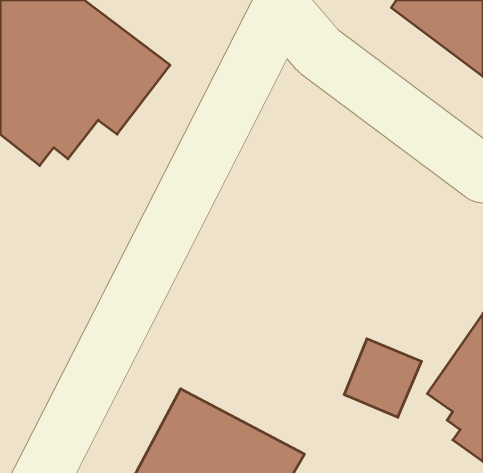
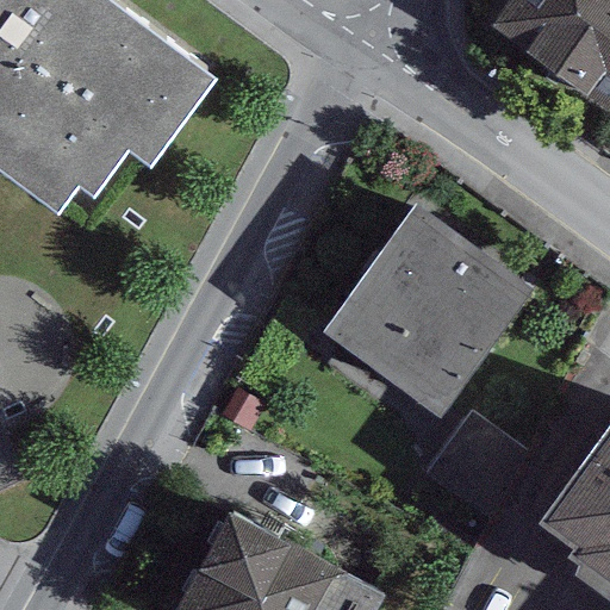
building: none -> [324,200,530,409]

